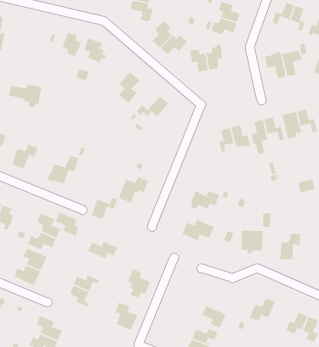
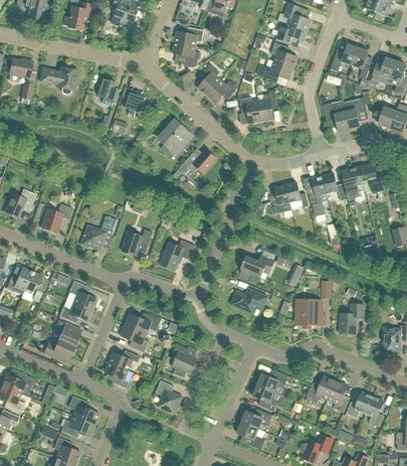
building: [8,83,42,108] -> [39,66,77,94]
building: [91,197,118,220] -> [122,228,153,255]
building: [55,211,80,237] -> [121,323,149,351]
building: none -> [258,369,289,394]
building: none -> [329,379,350,411]

